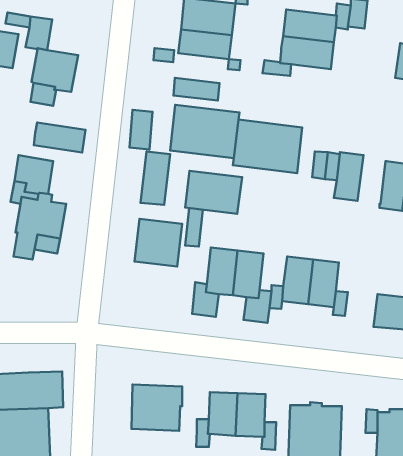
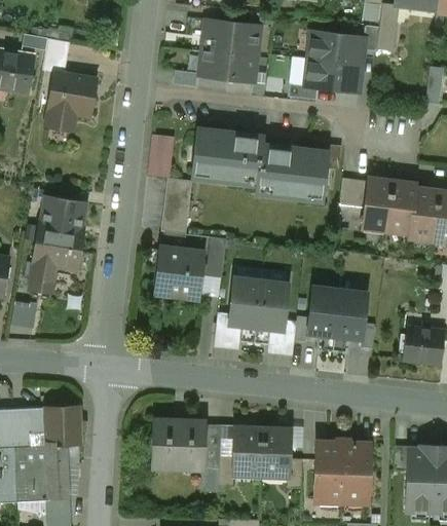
building: [173,78,219,101] -> none
building: [34,123,86,153] -> none
building: none -> [386,182,416,232]
building: [185,171,242,214] -> none
building: none -> [201,423,221,467]

